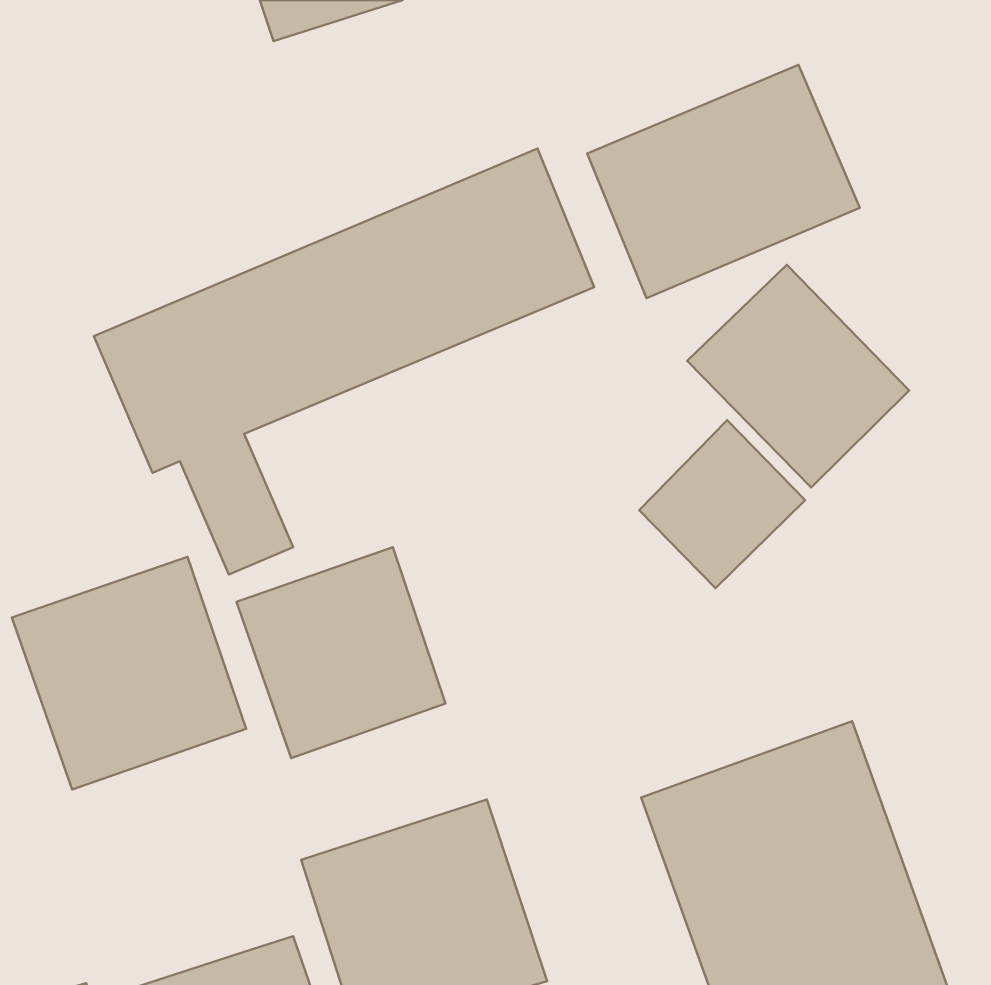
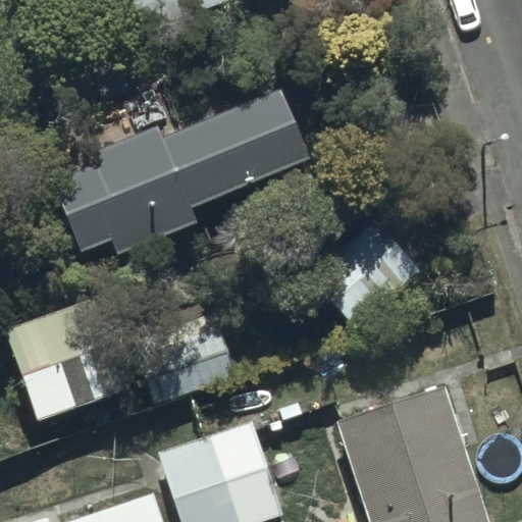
building: [587,65,860,298] -> none
building: [687,265,909,487] -> none

